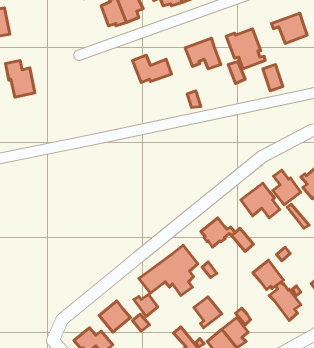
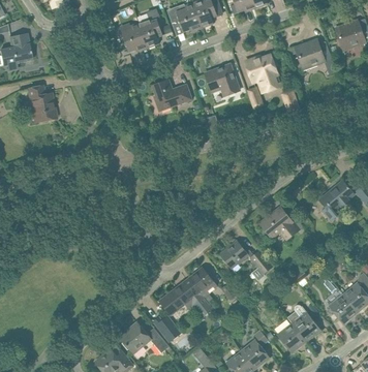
building: [273,170,301,205] -> none
building: [253,260,283,289] -> [277,321,307,350]
building: [194,297,222,328] -> none

